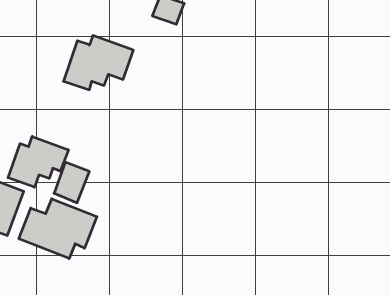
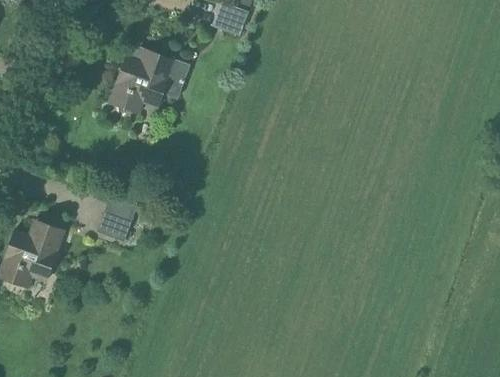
building: [8,136,68,187] -> none
building: [19,199,97,259] -> none

